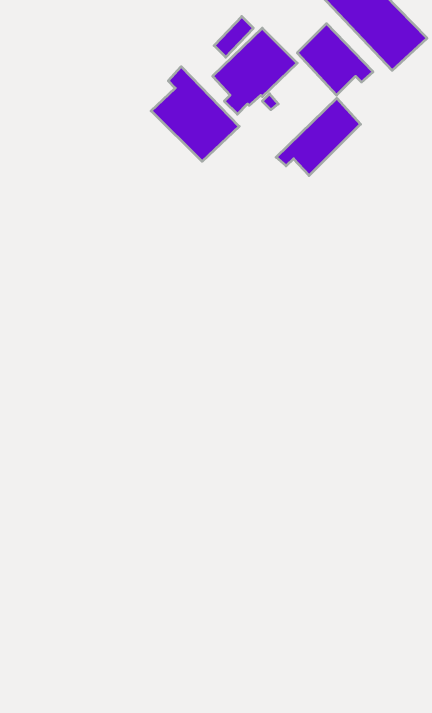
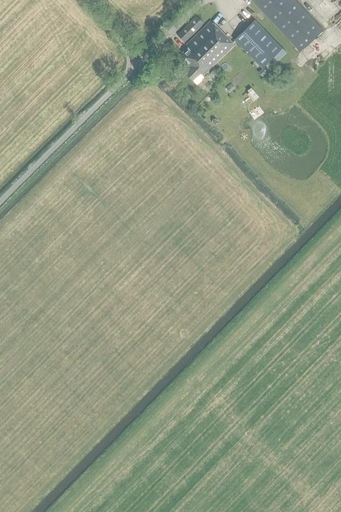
building: [151,67,239,161] -> none
building: [276,98,361,176] -> none

